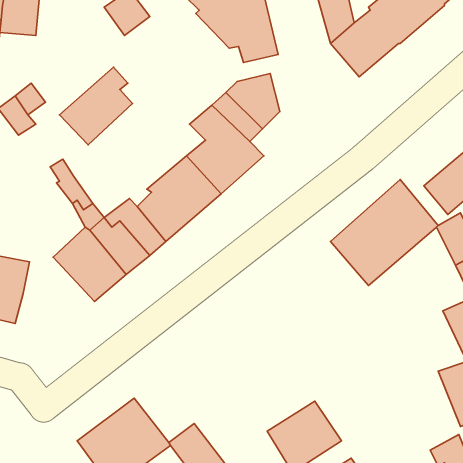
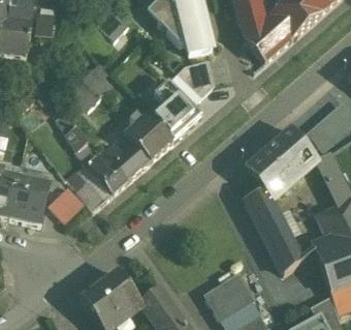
building: none -> [49,185,85,221]
building: none -> [246,189,304,272]

